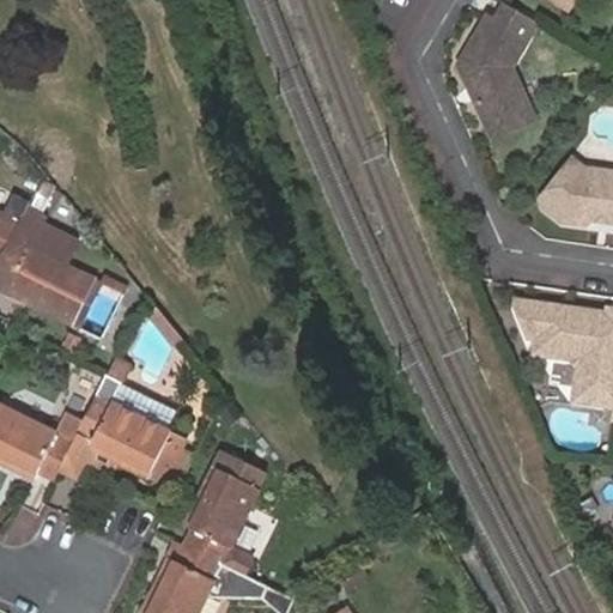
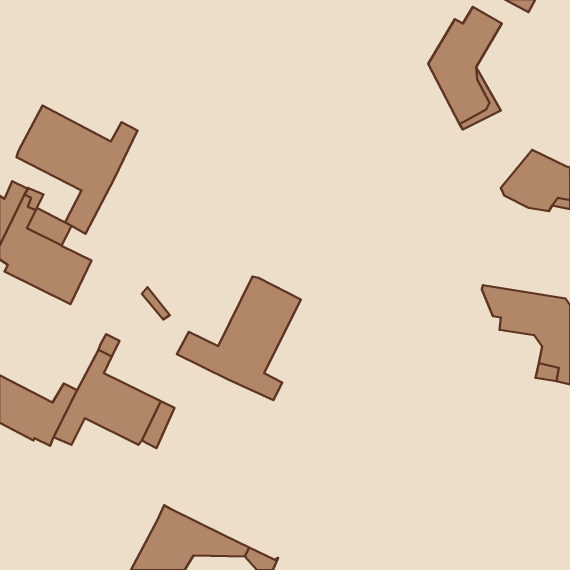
building: none -> [17,105,138,234]
building: none -> [177,276,301,400]
building: [182,449,266,573] -> none

